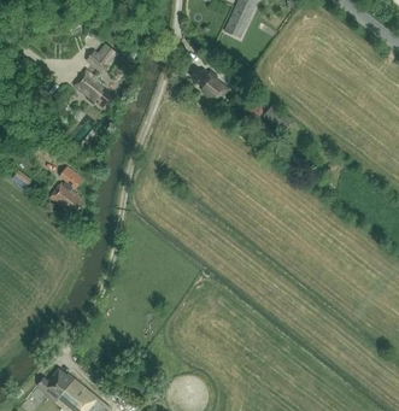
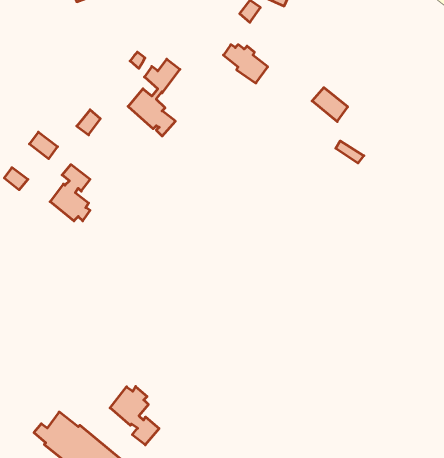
building: [74,45,116,107] -> [128,59,180,136]
building: none -> [110,386,159,445]

